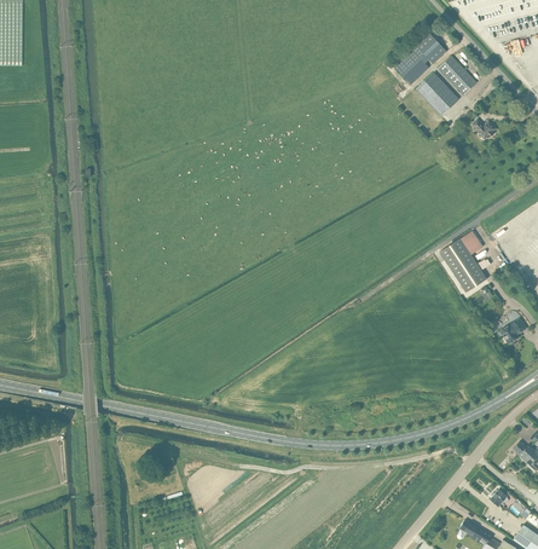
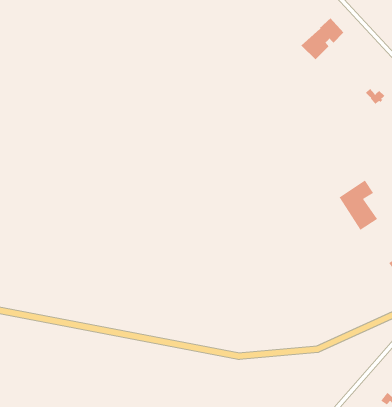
building: [438,56,476,94] -> none
building: [415,73,458,116] -> none

